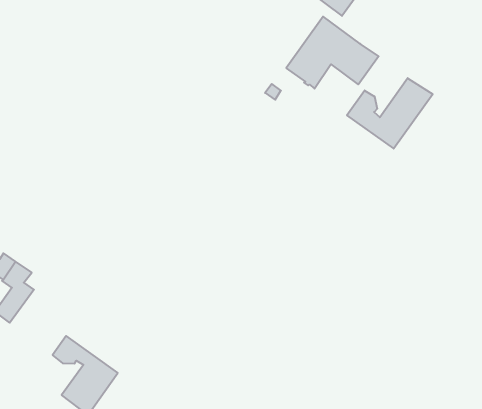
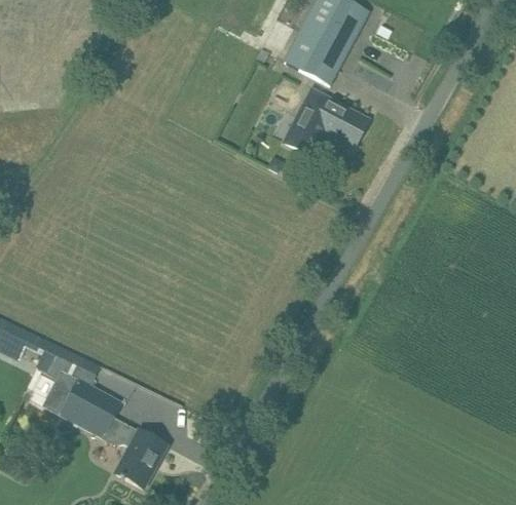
building: [347,78,433,149] -> none
building: none -> [58,377,120,435]

